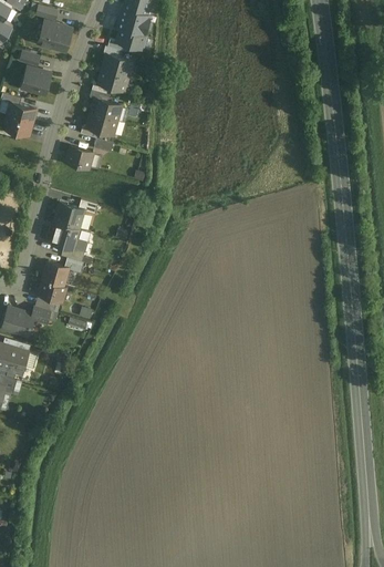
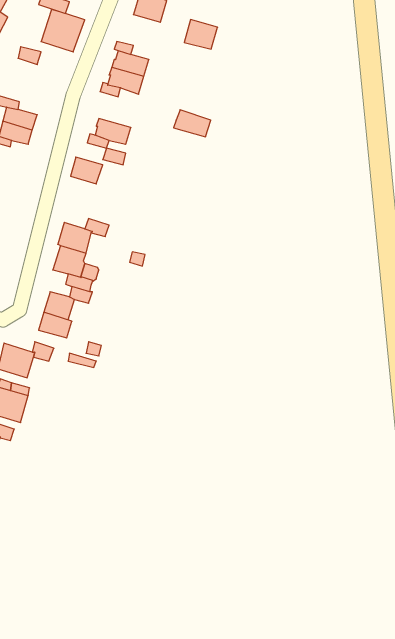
building: [114,23,143,49] -> [184,20,218,49]
building: [22,68,51,95] -> none
building: [90,97,122,121] -> [174,110,211,137]

